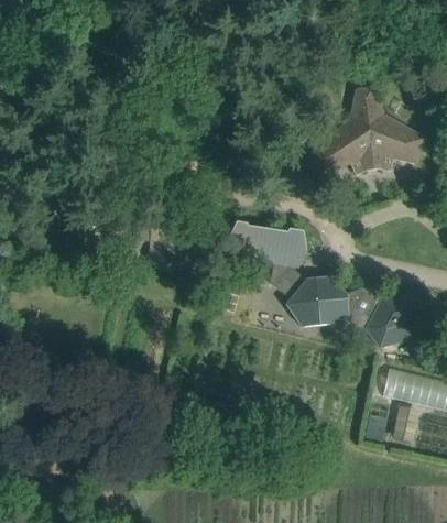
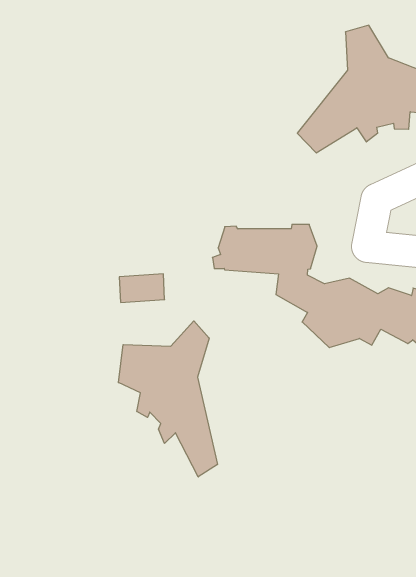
building: none -> [118,321,217,477]

